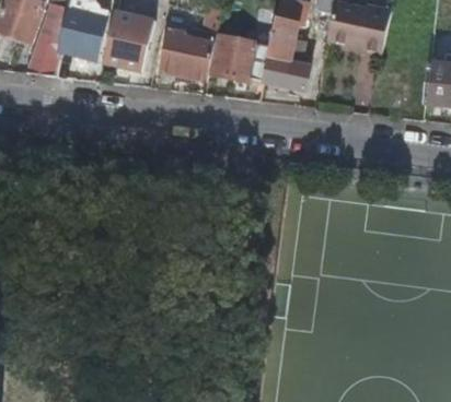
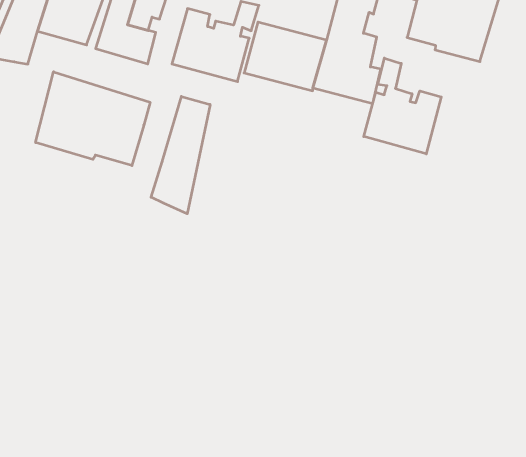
building: none -> [364,58,441,154]
building: none -> [36,72,150,166]
building: none -> [151,96,210,214]

